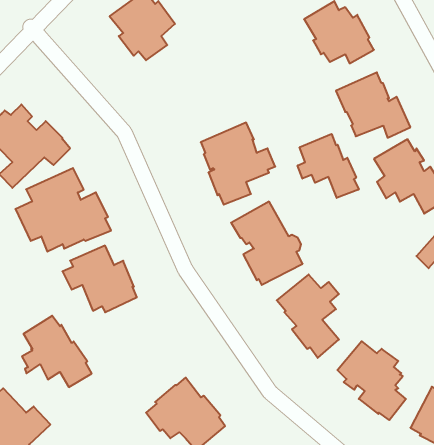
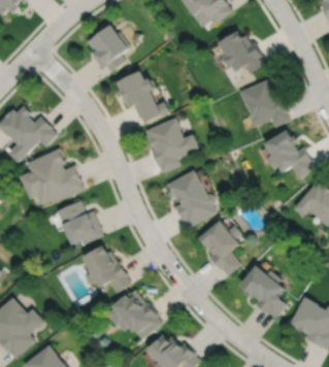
building: none -> [121,73,167,122]
building: [298,134,359,198] -> none
building: [22,316,92,387] -> [85,243,132,292]

